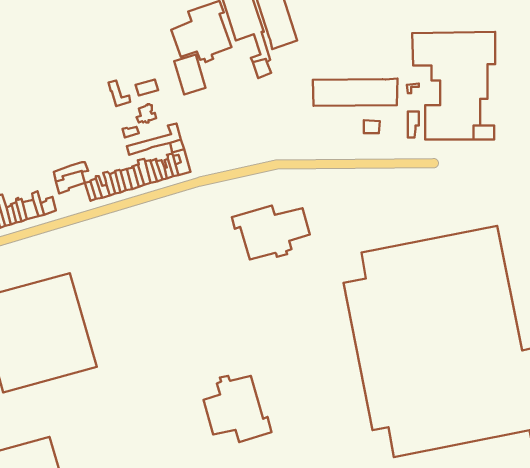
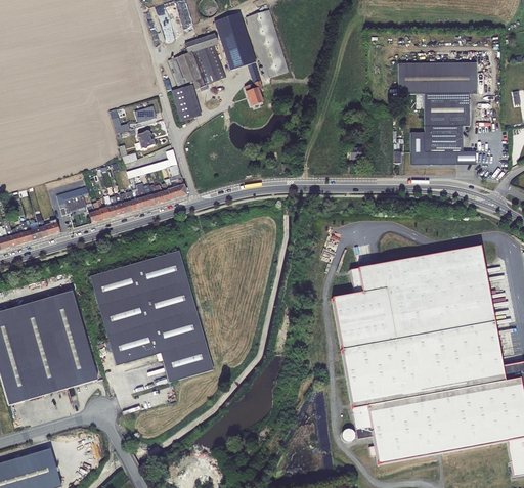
building: [313,79,398,106] -> none
building: [232,205,310,260] -> none
building: none -> [91,250,214,382]
building: [203,376,272,442] -> none

